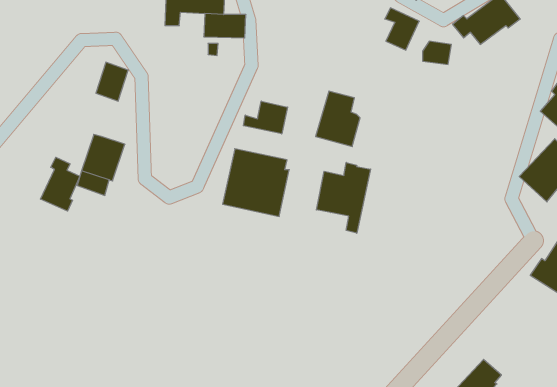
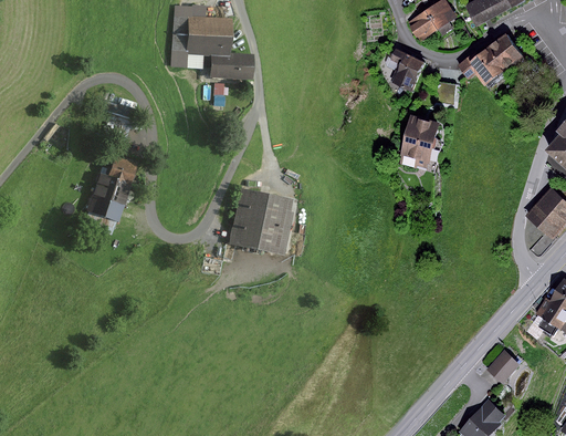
building: [316,91,360,147] -> [398,116,442,172]
building: [243,101,288,134] -> none
building: none -> [108,155,138,184]
building: [41,157,80,211] -> none
building: [316,162,371,233] -> none
building: none -> [491,350,522,381]

